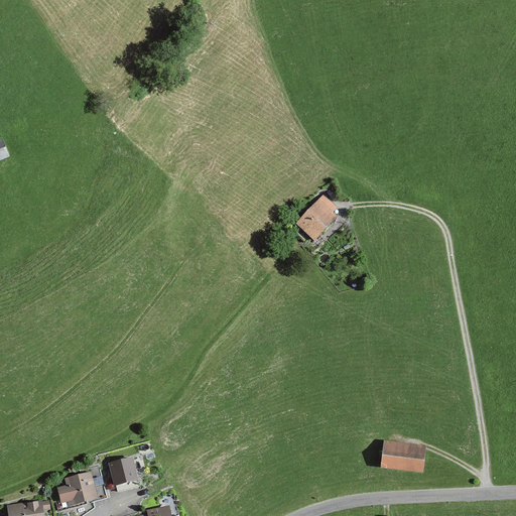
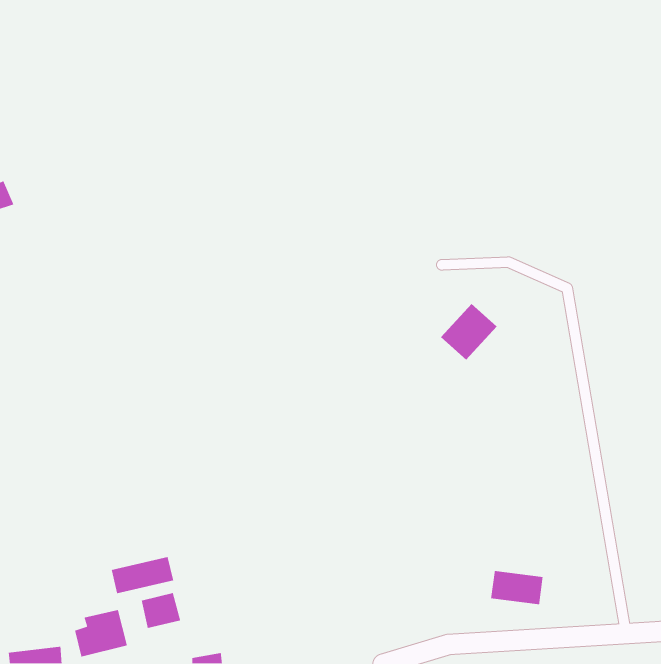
building: [294,200,339,244] -> [440,303,498,361]
building: none -> [111,556,174,594]

